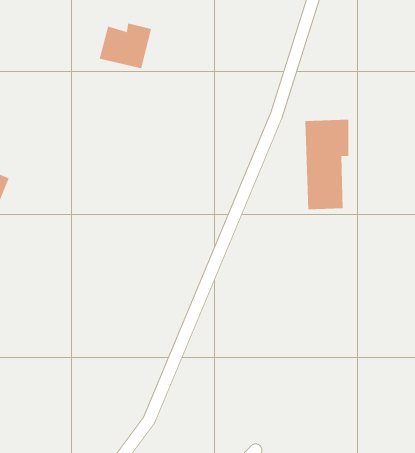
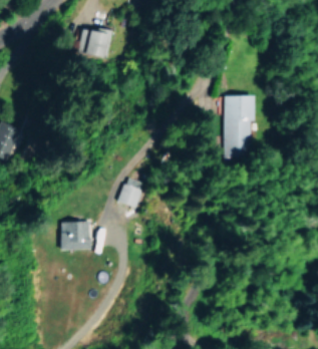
building: none -> [117,183,142,208]
building: none -> [59,222,90,250]

